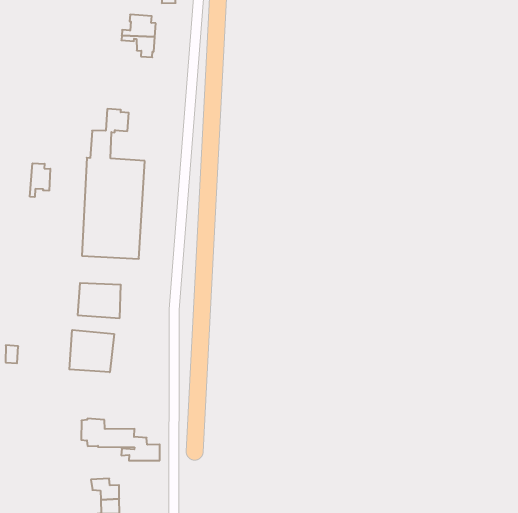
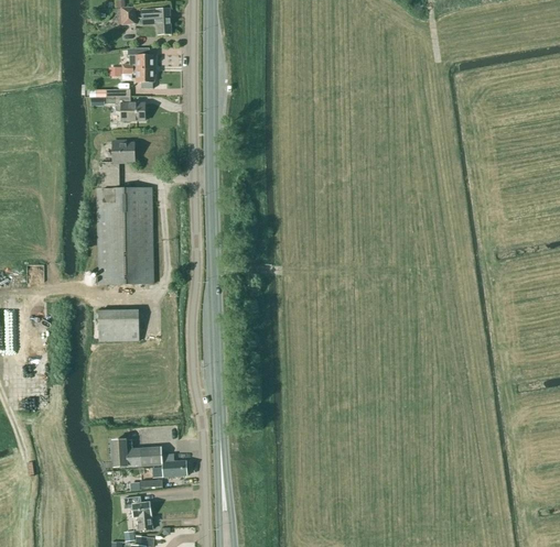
building: none -> [106,97,143,121]
building: [30,163,50,197] -> none
building: [69,330,114,372] -> none

